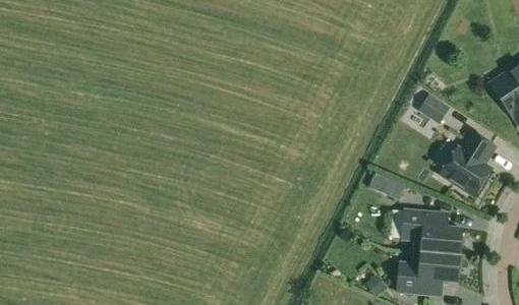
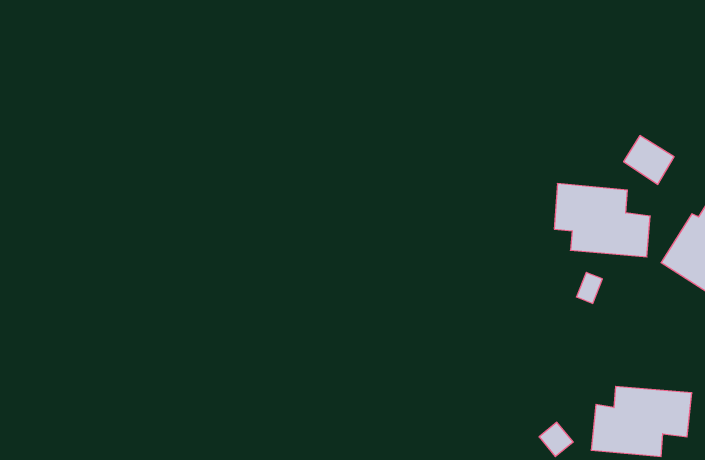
building: [403,209,463,255] -> [554,184,650,257]

